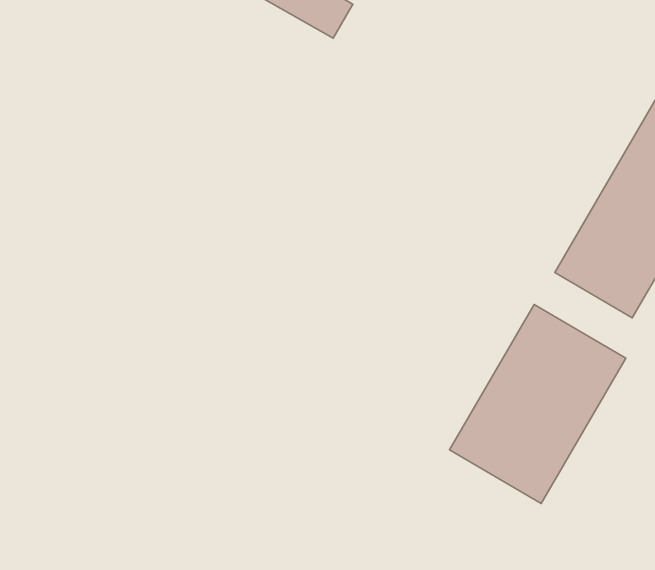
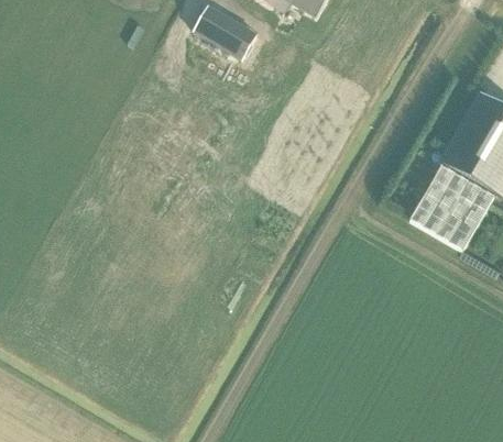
building: [449,305,626,503] -> none

